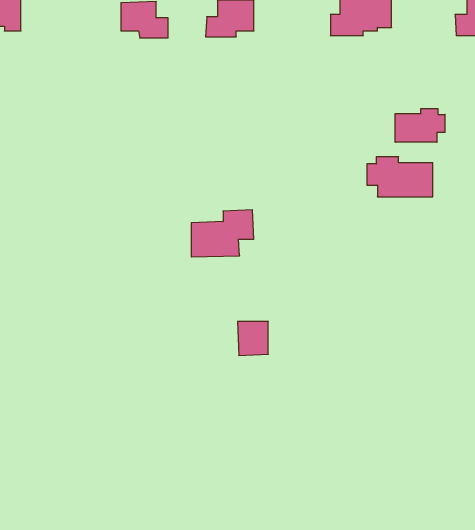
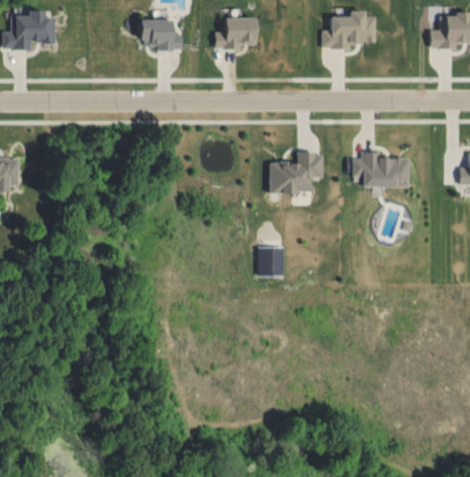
building: [395,109,445,142] -> none
building: [191,210,254,257] -> [270,152,323,192]
building: [238,321,268,355] -> [259,247,285,276]

